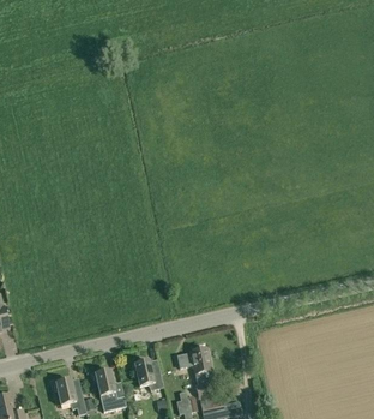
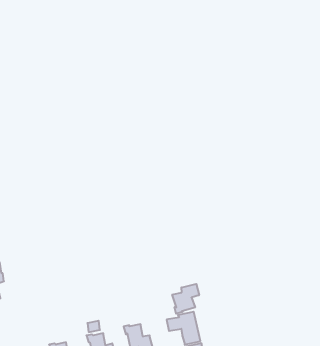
building: none -> [172,284,199,314]

